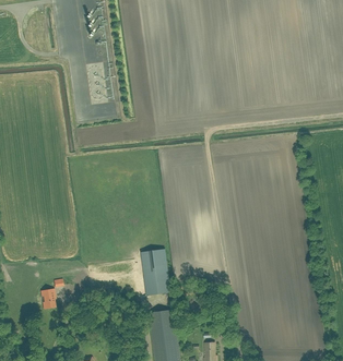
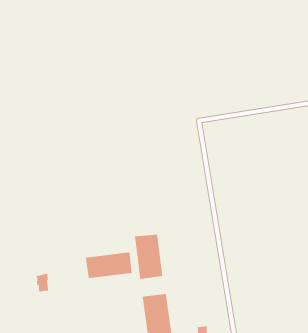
building: none -> [85,251,132,279]

